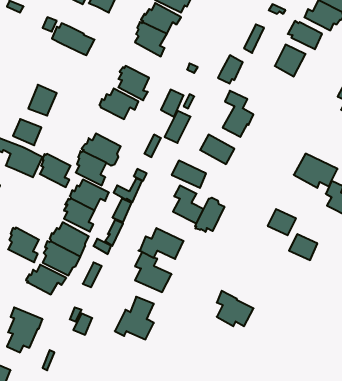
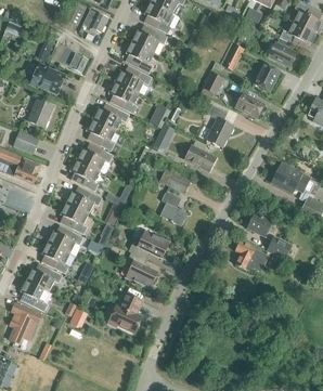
building: none -> [29,63,64,93]
building: none -> [115,65,151,92]
building: none -> [235,87,263,117]
building: [40,154,71,187] -> [87,119,115,149]
building: [195,198,224,232] -> none
building: [8,228,39,262] -> [20,279,48,311]
building: [217,291,254,326] -> [235,239,269,272]

